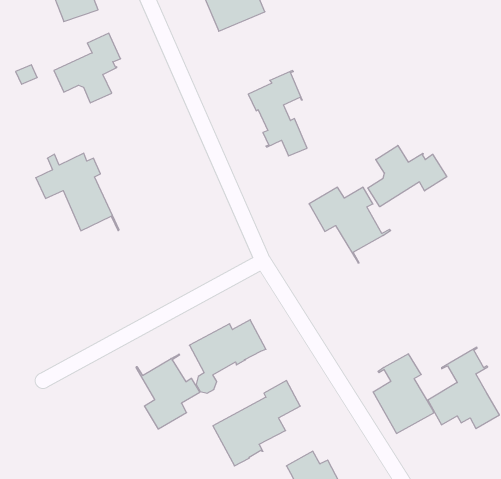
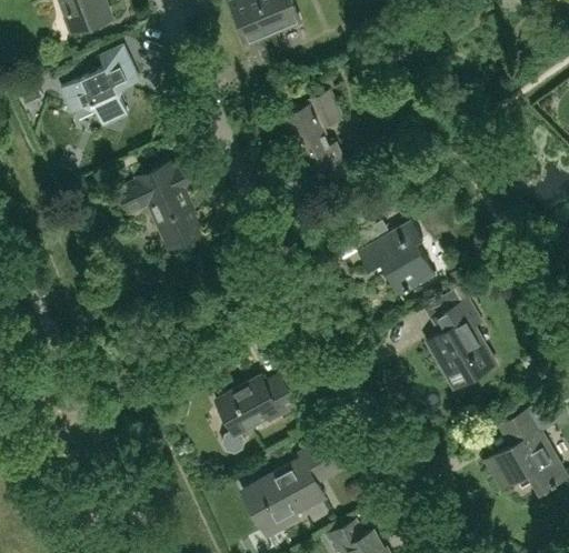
building: [368,145,447,207] -> none
building: [36,153,119,231] -> [118,162,212,250]
building: [373,354,434,433] -> [426,299,495,389]
building: [136,354,200,429] -> none

